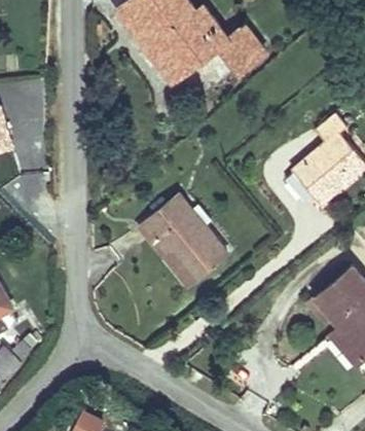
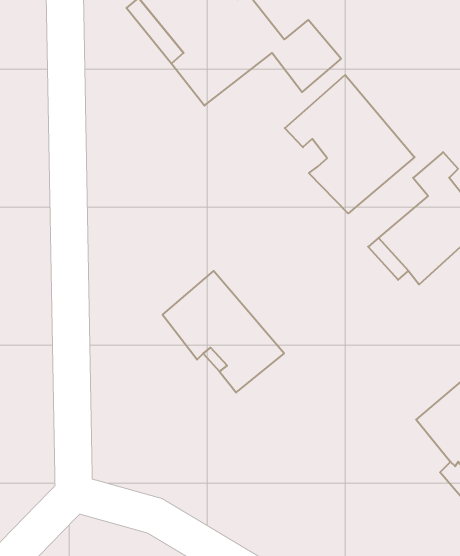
building: none -> [285,75,415,213]

